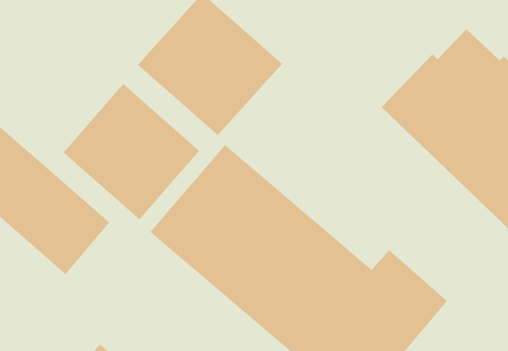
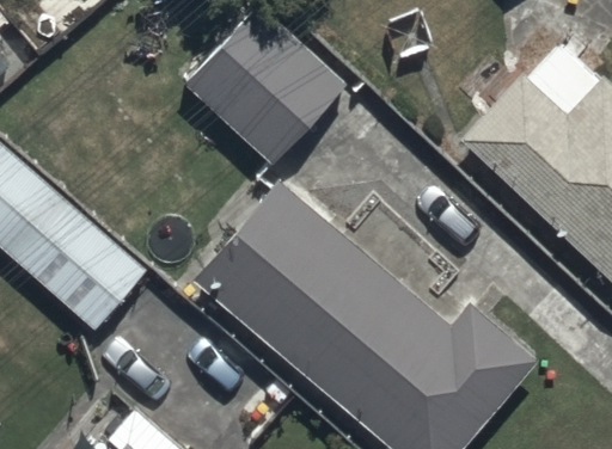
building: [63,83,200,220] -> none

